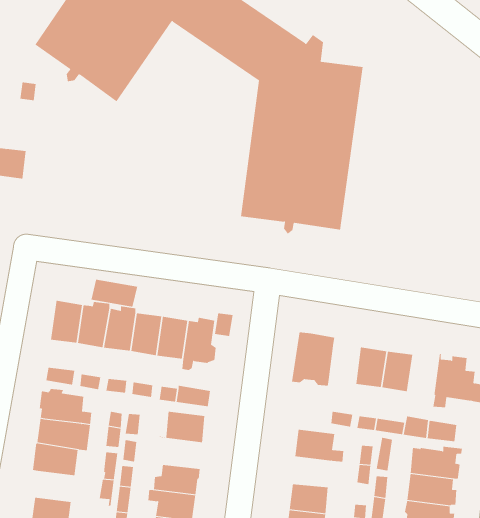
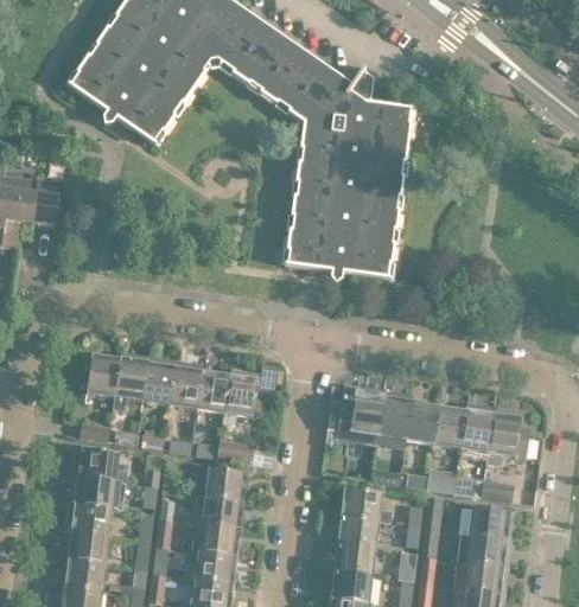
building: [91,279,141,309] -> none
building: none -> [375,391,409,447]
building: none -> [458,403,491,452]
building: none -> [195,496,243,529]
building: none -> [337,516,378,548]
building: none -> [66,531,109,563]

